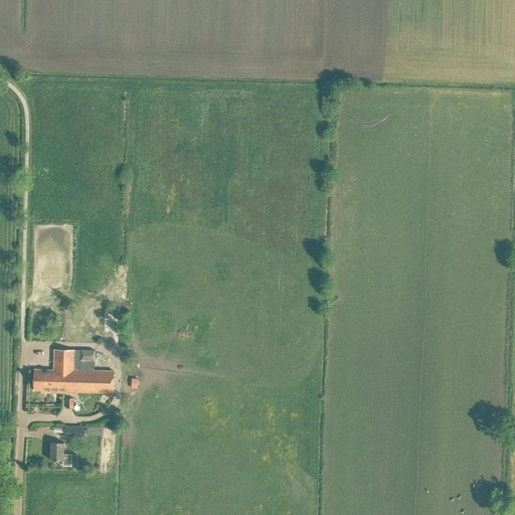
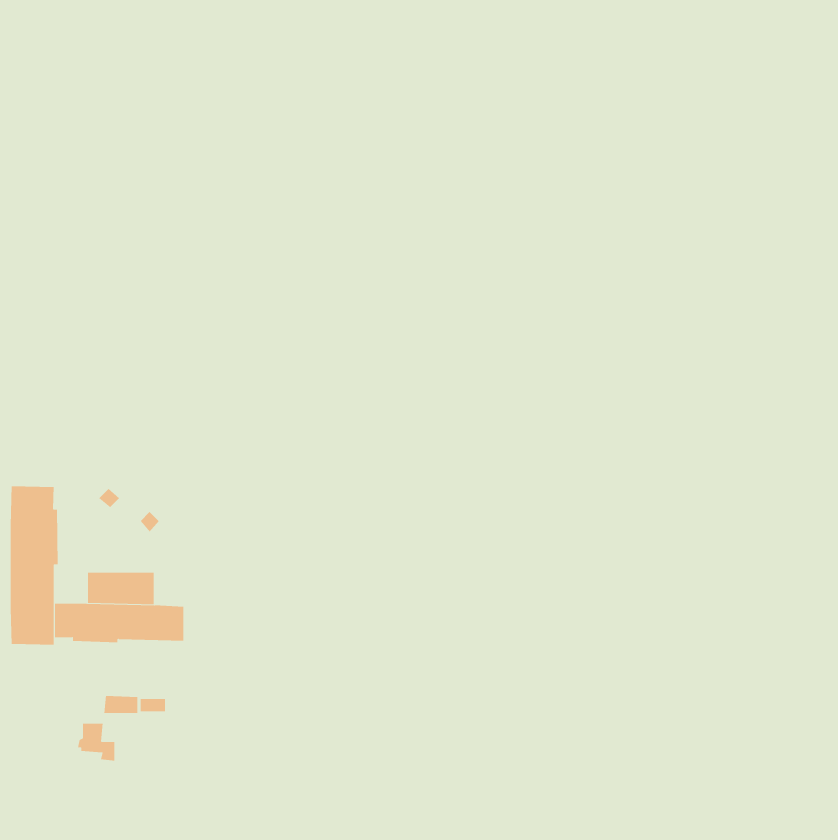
building: none -> [10,486,58,646]

